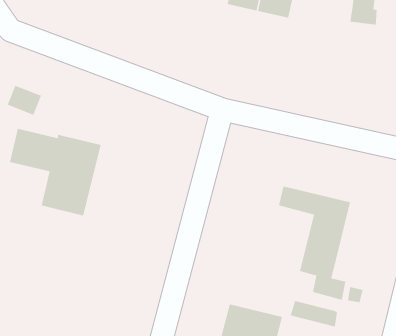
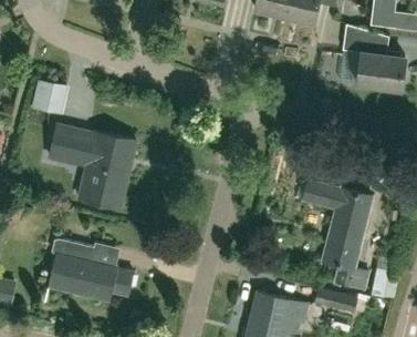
building: none -> [343,24,405,89]
building: none -> [49,239,134,300]

